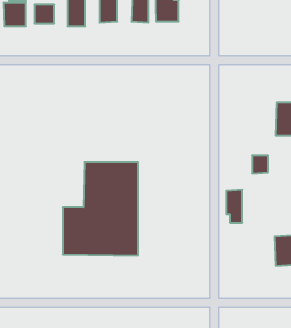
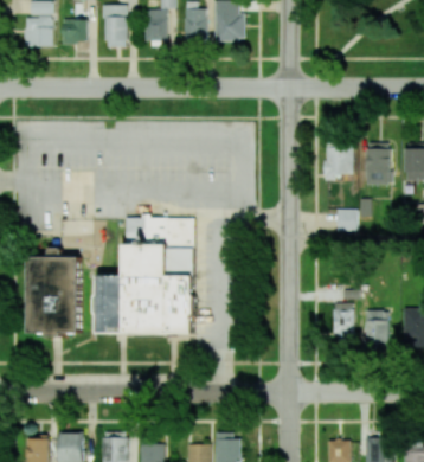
building: none -> [325,146,353,180]
building: [226,190,242,223] -> [333,303,353,345]
building: none -> [30,258,81,334]

